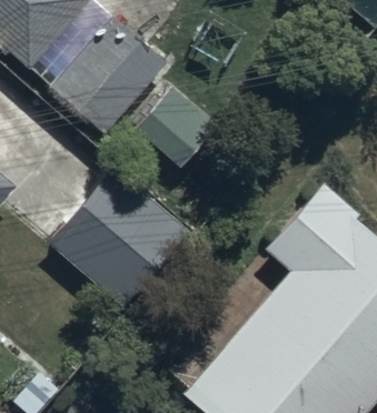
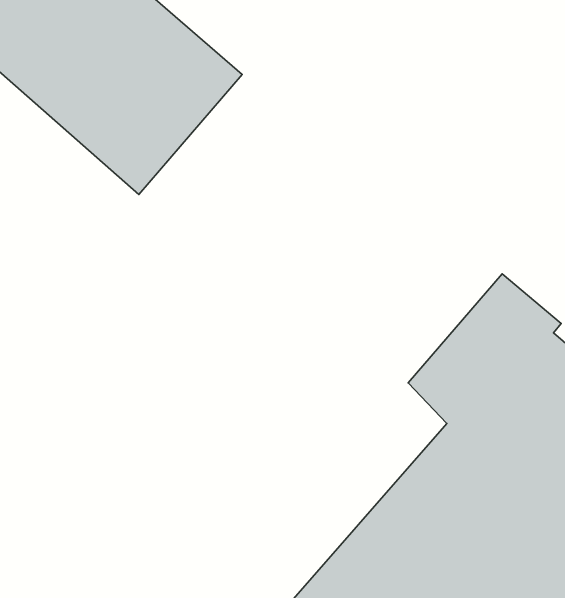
building: [49,165,187,304] -> none

